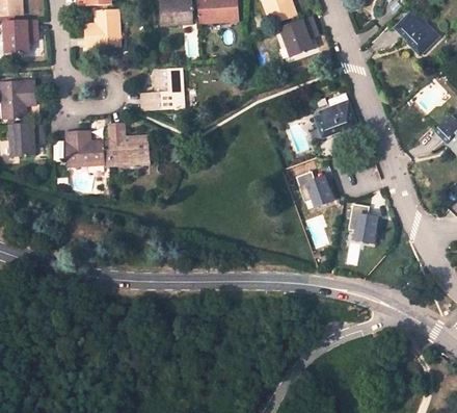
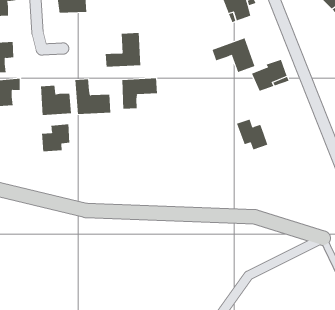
building: none -> [212,37,255,73]
building: none -> [122,78,157,110]
building: none -> [41,123,70,152]
building: [347,203,377,241] -> none

